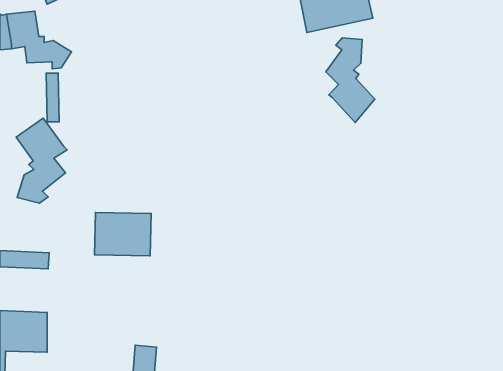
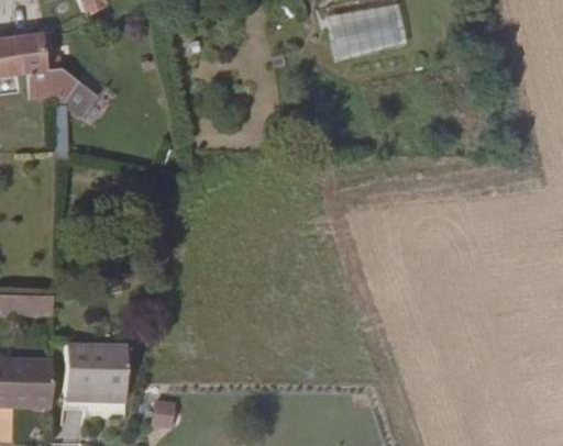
building: [326,38,375,122] -> none
building: [16,118,67,203] -> none
building: [94,212,151,256] -> [66,347,128,394]

